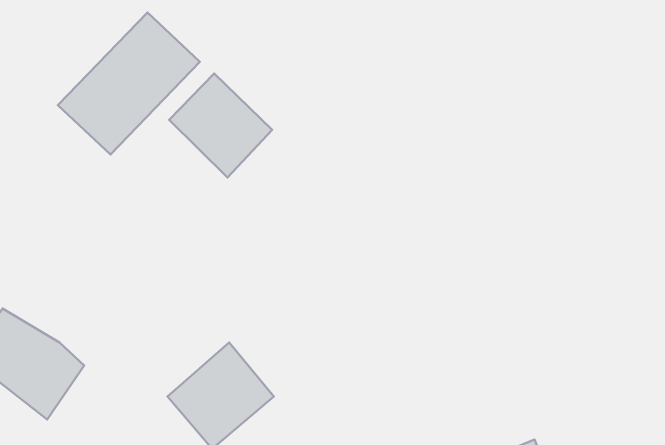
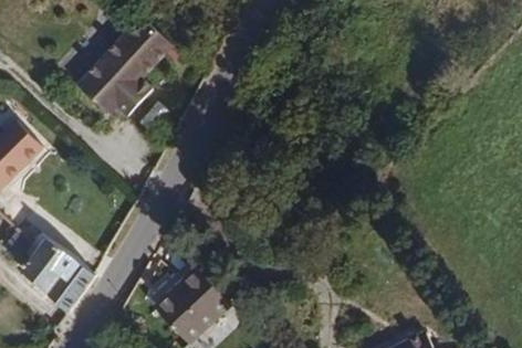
building: [169,74,272,178] -> none

